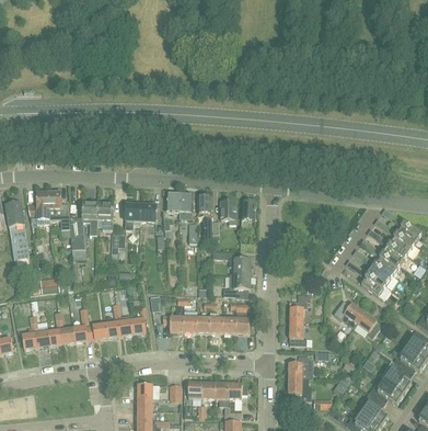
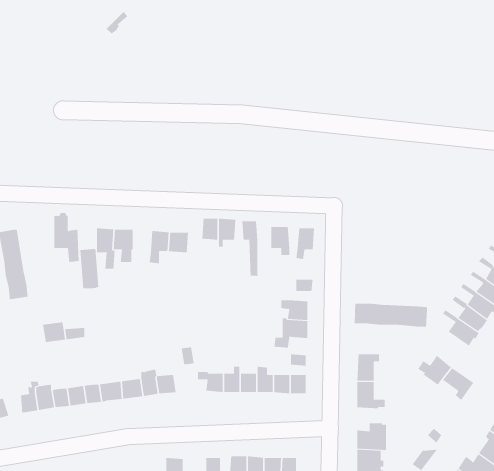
building: [27,189,48,222] -> none
building: none -> [354,303,427,327]

